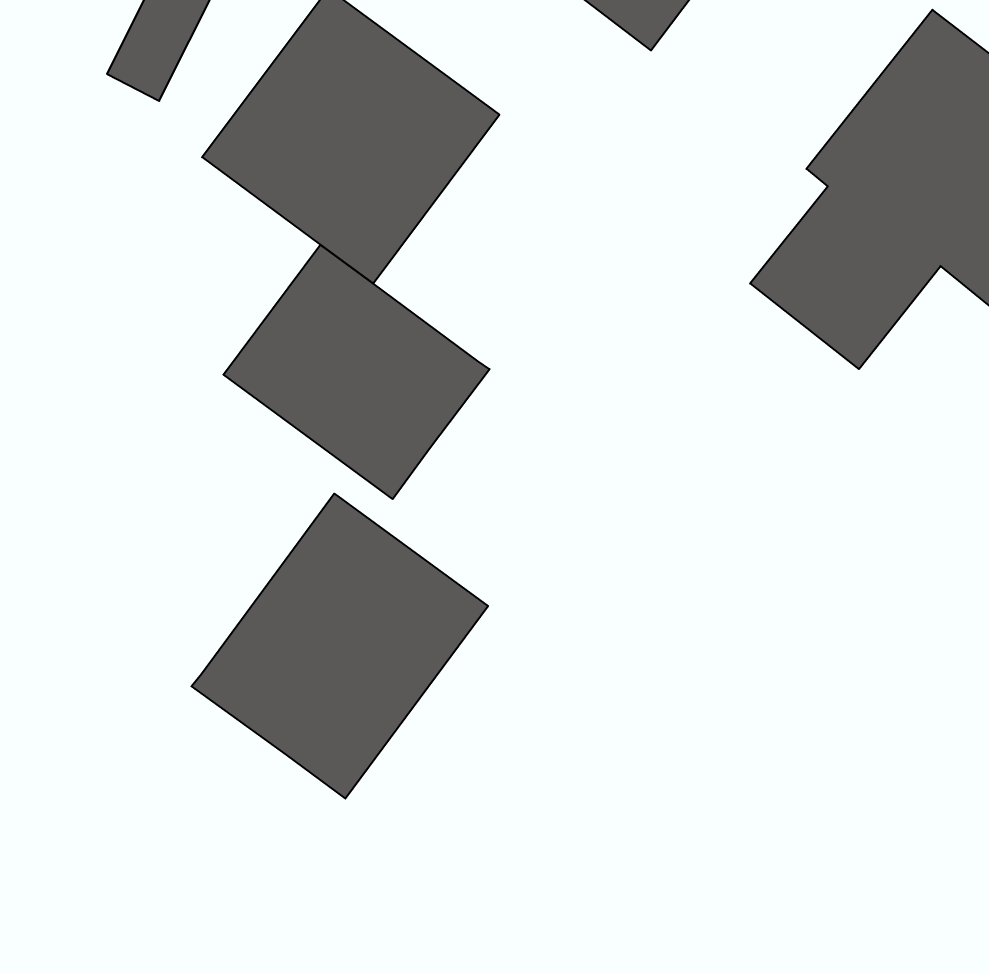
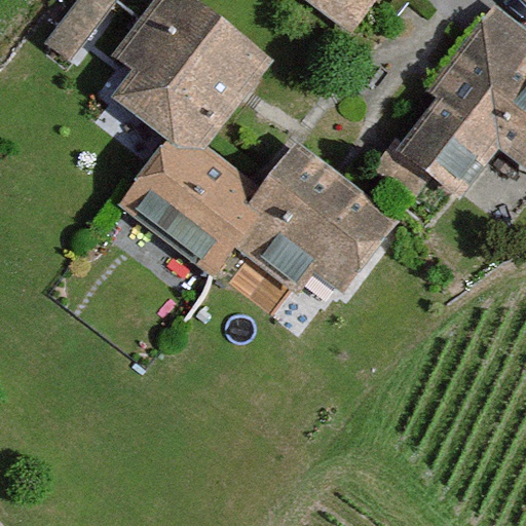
building: none -> [229,143,397,311]
building: [191,494,488,799] -> none

